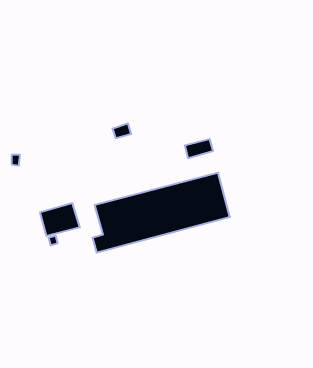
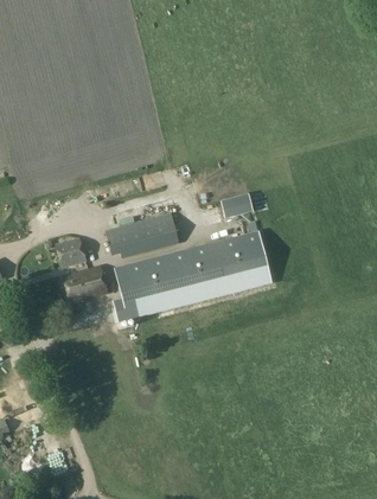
building: none -> [104,212,178,257]
building: none -> [55,237,84,267]

